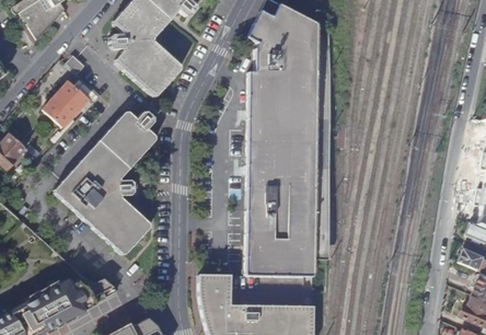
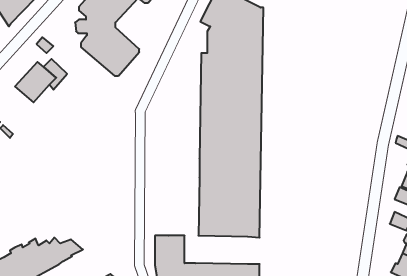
building: [57,111,157,253] -> none

